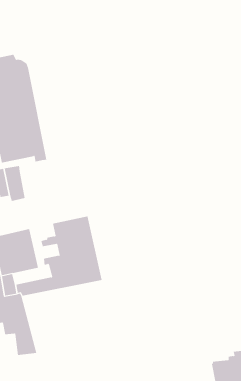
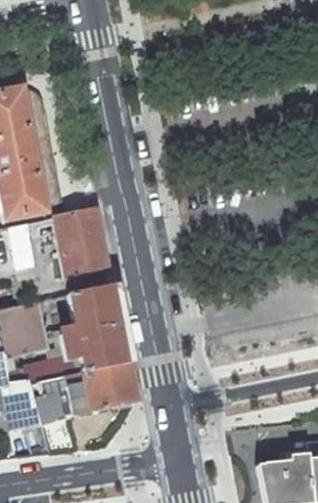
building: none -> [56,208,109,277]
building: none -> [32,363,137,452]

